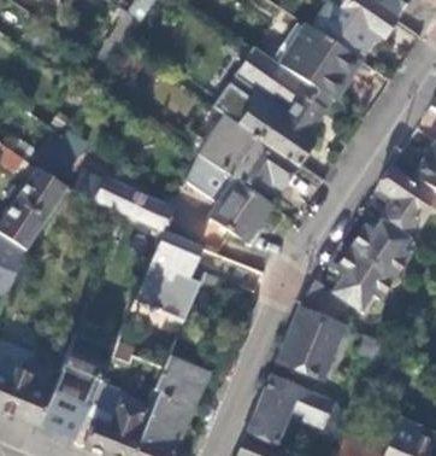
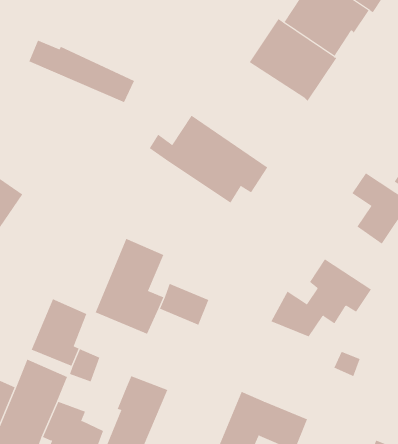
building: [214,47,331,163] -> none
building: [185,156,272,245] -> none
building: [73,170,173,229] -> [28,40,135,103]
building: [350,218,410,277] -> none
building: [277,308,346,379] -> none

